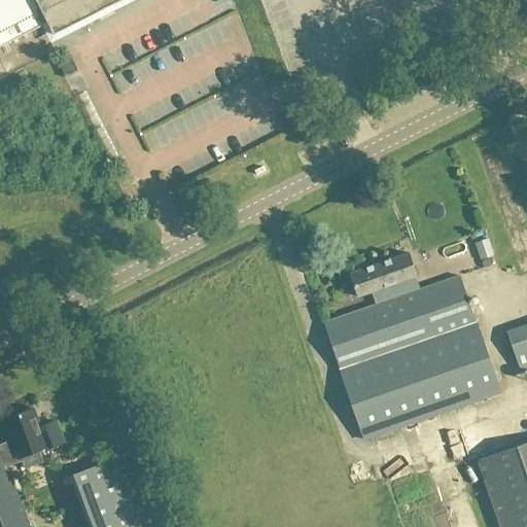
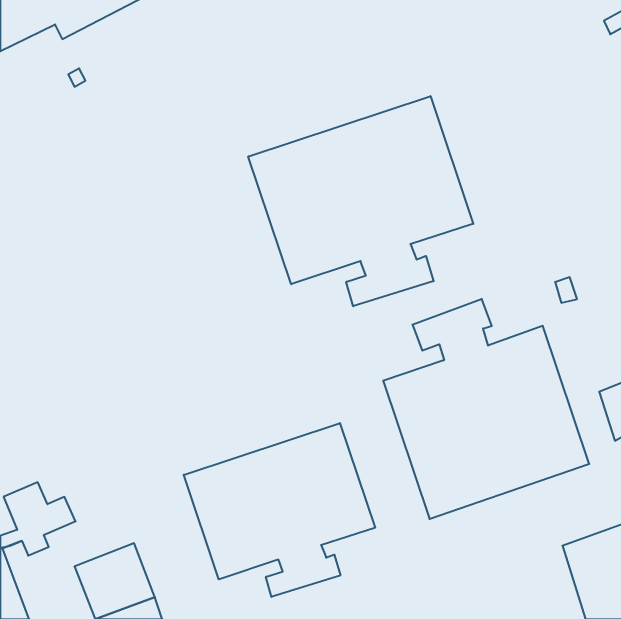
building: none -> [248,96,473,306]
building: none -> [184,423,375,597]

